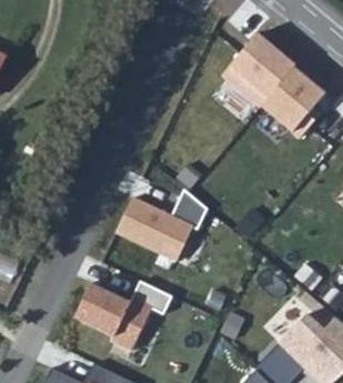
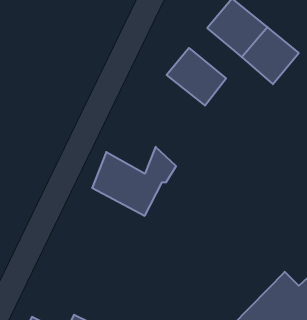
building: none -> [167,48,226,106]
building: [77,282,172,349] -> none

